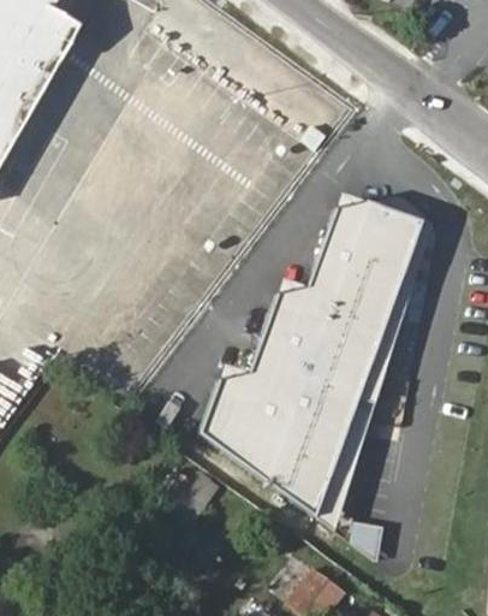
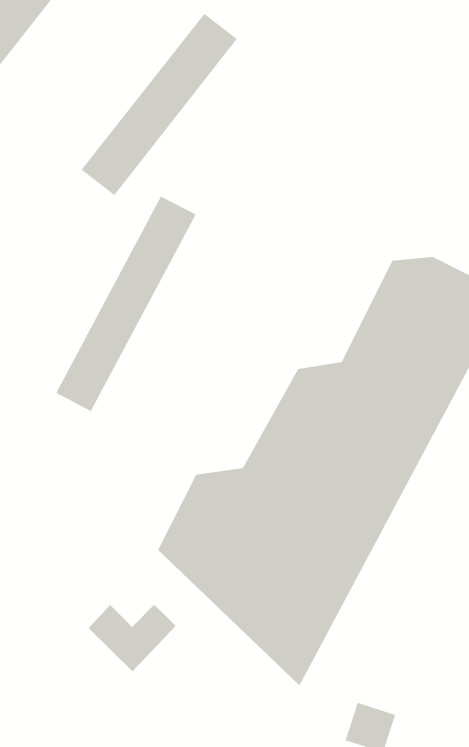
building: none -> [80,13,238,196]
building: none -> [55,195,197,412]

